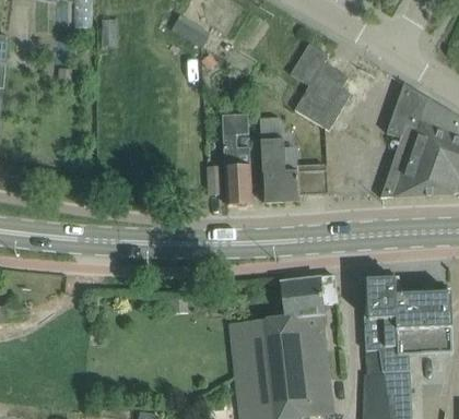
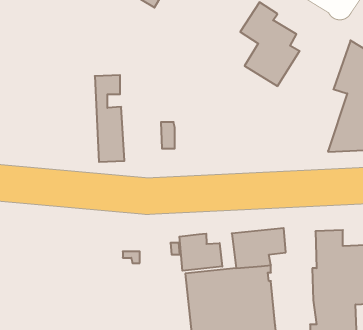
building: [222,113,252,203] -> [95,75,124,162]
building: [260,117,328,202] -> none
building: none -> [179,234,222,271]

